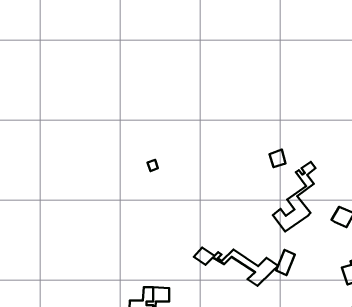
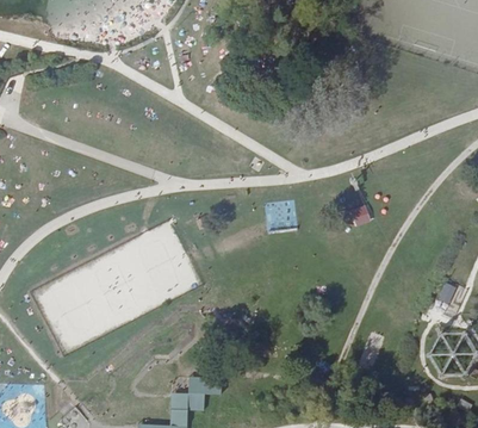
building: [273,162,316,232] -> none
building: [194,248,278,286] -> none

